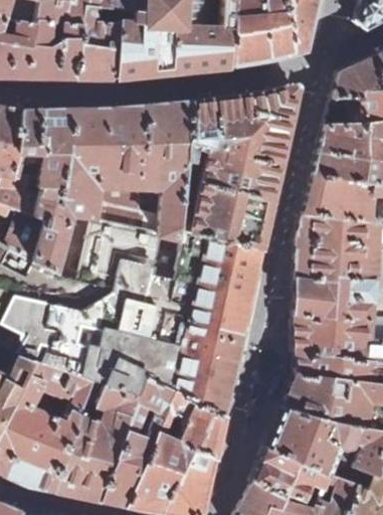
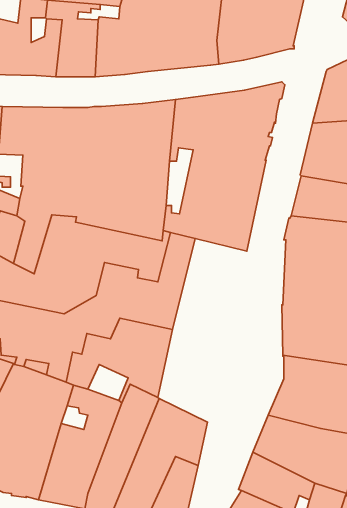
building: [176,238,262,417] -> none
building: [108,361,147,396] -> none

